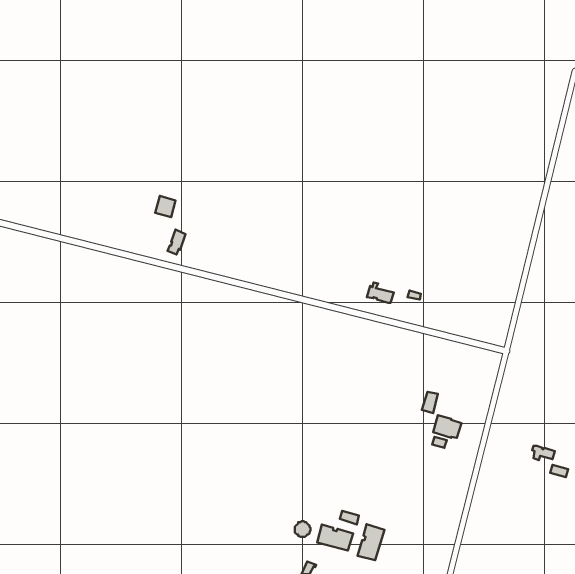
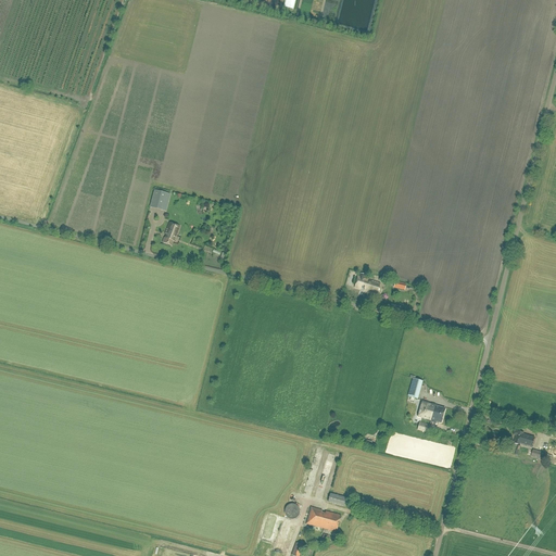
building: [358,524,384,560] -> none

